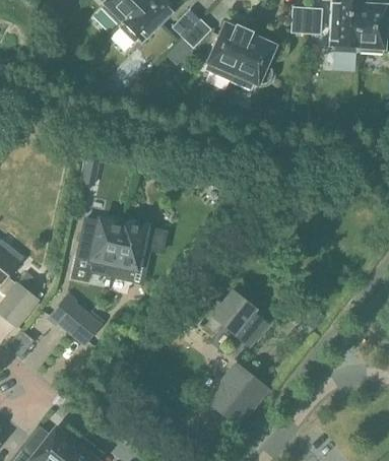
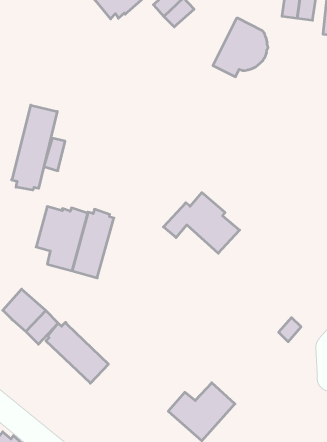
building: [206,24,253,80] -> none
building: none -> [12,105,57,190]
building: [199,291,269,346] -> [163,193,240,253]
building: none -> [46,322,108,383]

